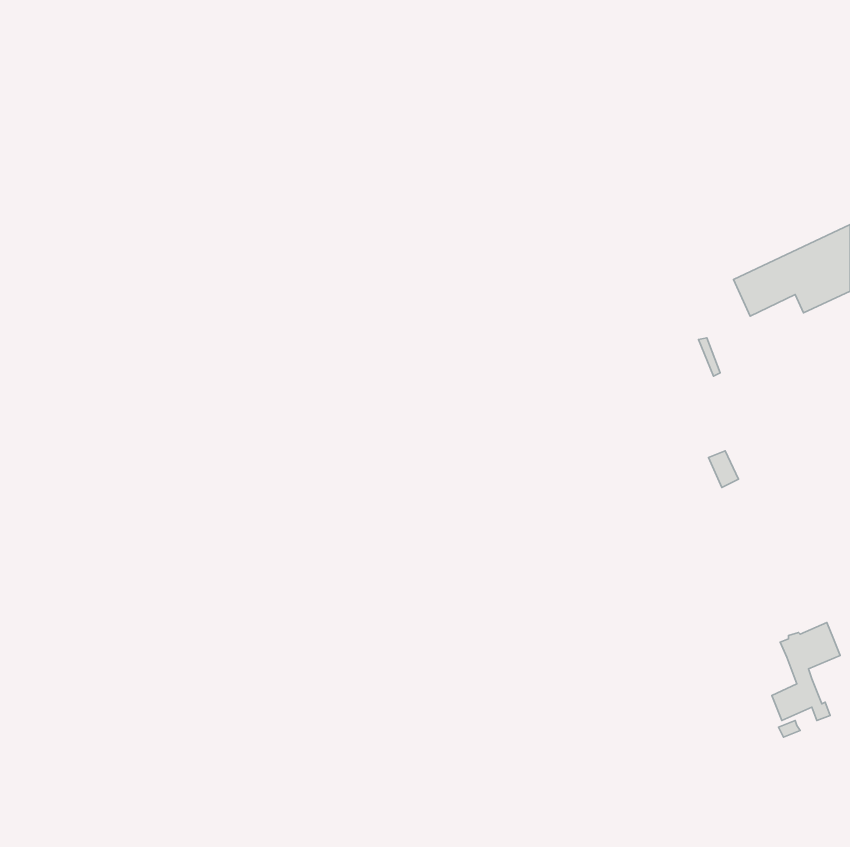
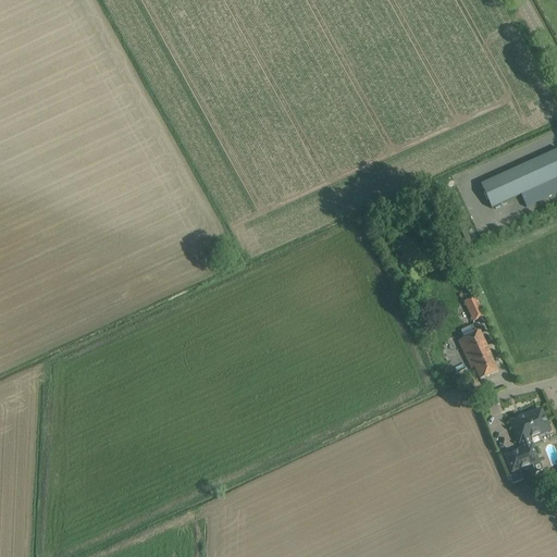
building: none -> [459,330,497,377]

